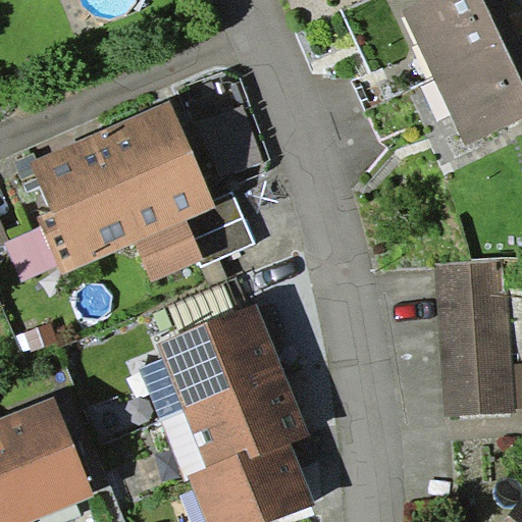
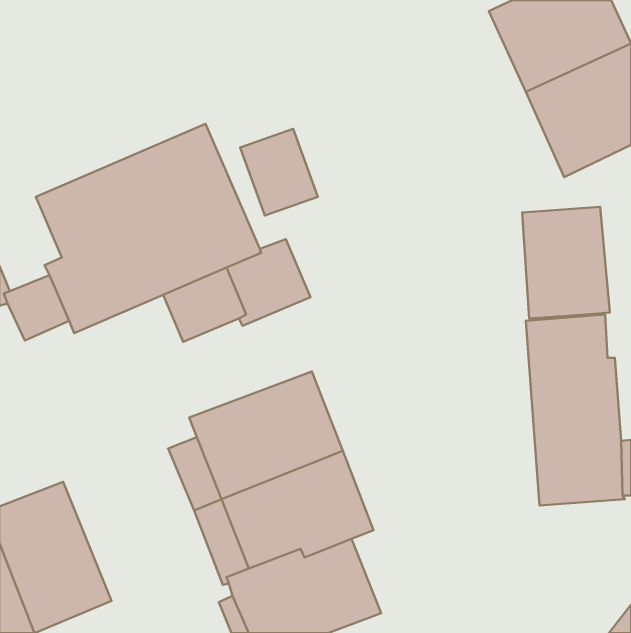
building: none -> [522,207,610,318]

